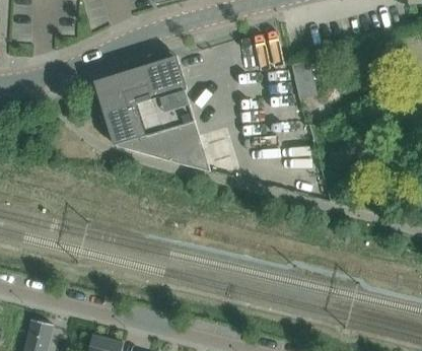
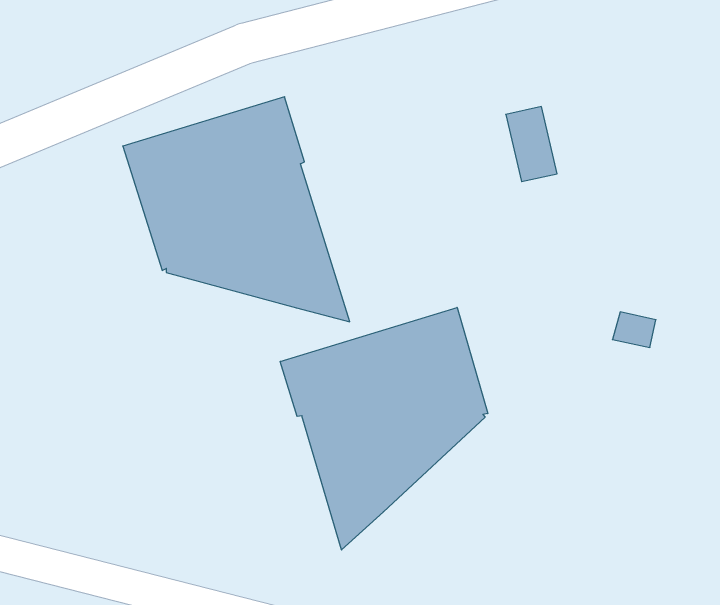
building: none -> [280,307,488,550]

